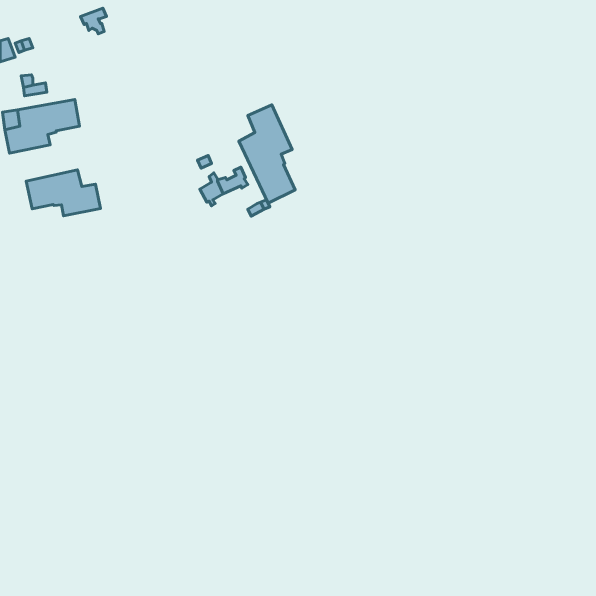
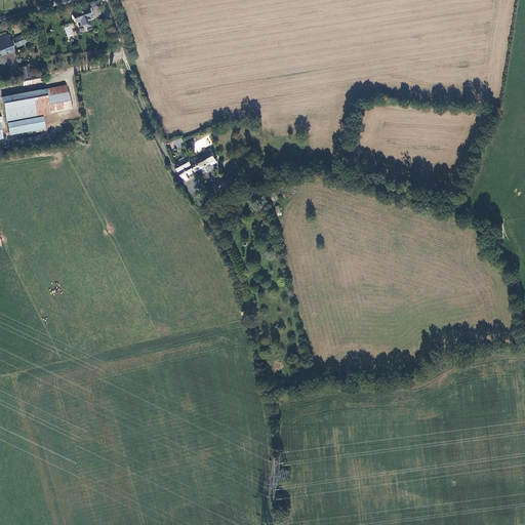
building: [239,105,295,203] -> none
building: [26,170,100,216] -> none

